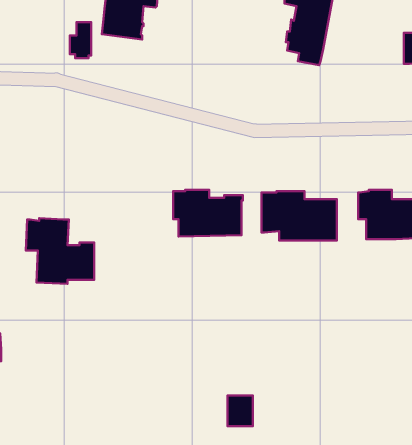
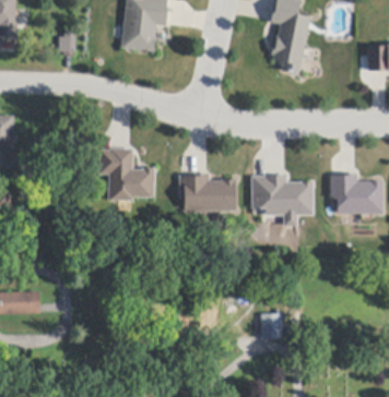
building: [70,22,91,58] -> [58,25,75,55]
building: [26,218,94,284] -> [98,147,154,201]
building: [227,395,253,426] -> [261,313,282,338]

